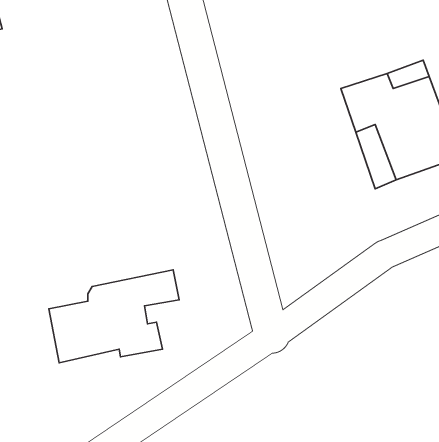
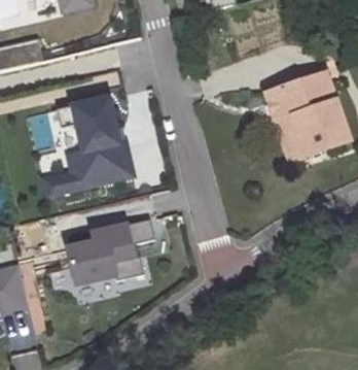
building: none -> [44,96,134,195]

